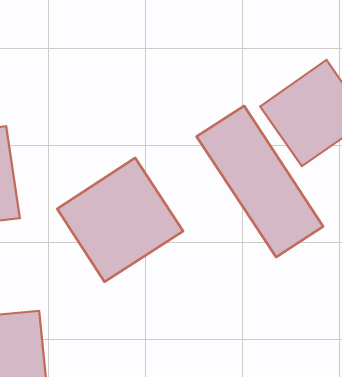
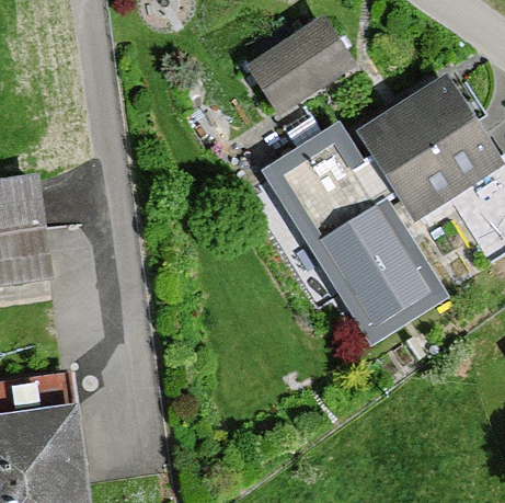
building: none -> [236,15,354,119]
building: [57,158,183,282] -> none

